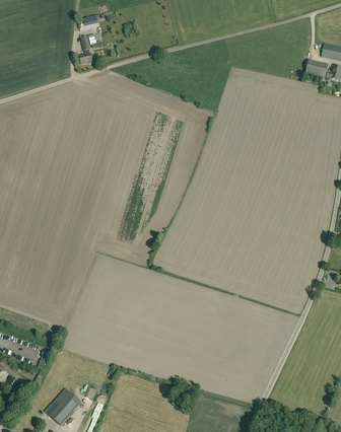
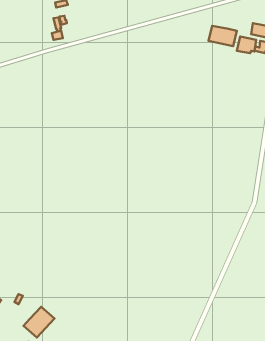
building: none -> [209,26,237,46]

